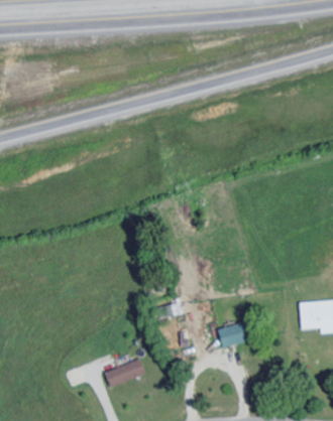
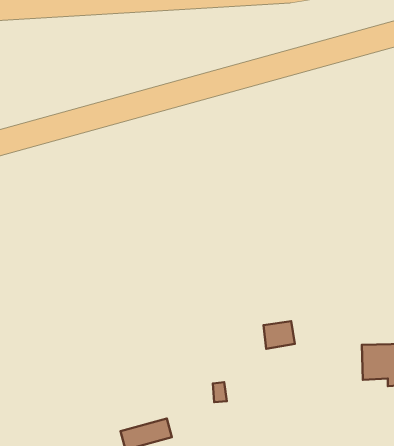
building: [218,324,243,346] -> [264,321,295,349]

